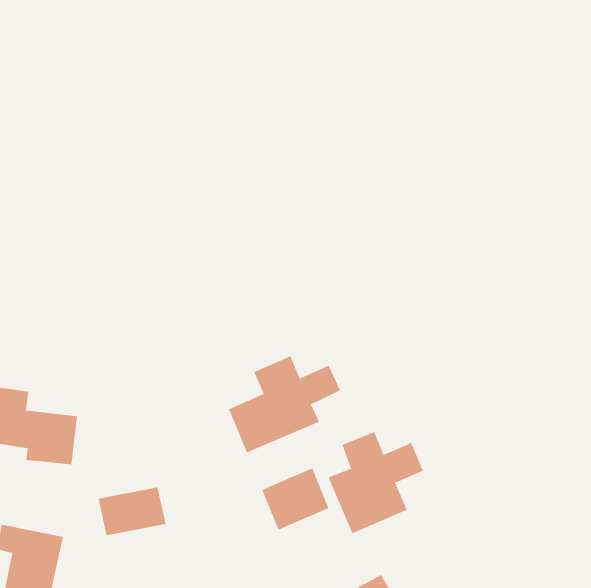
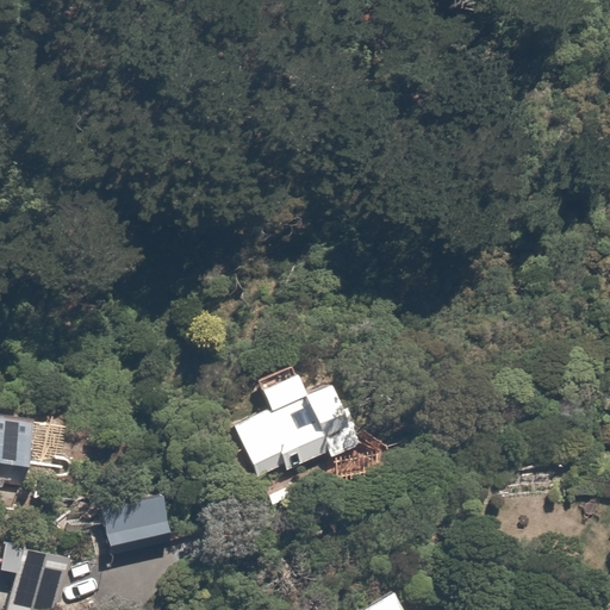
building: [328,431,423,534] -> none
building: [262,468,329,530] -> none

